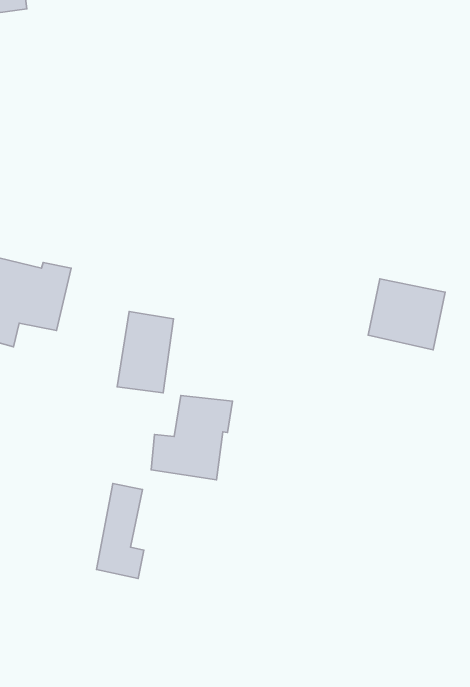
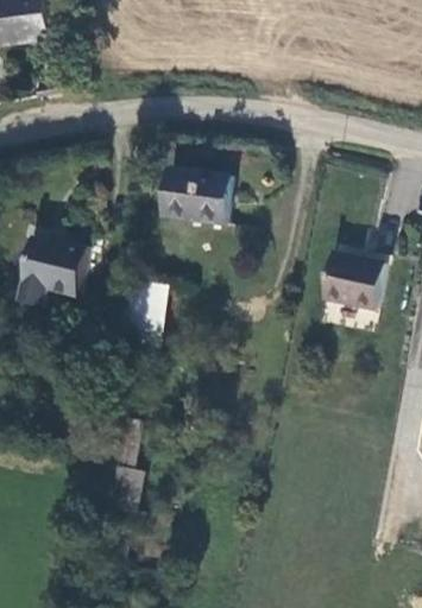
building: none -> [165,170,233,226]
building: [151,396,232,480] -> none

